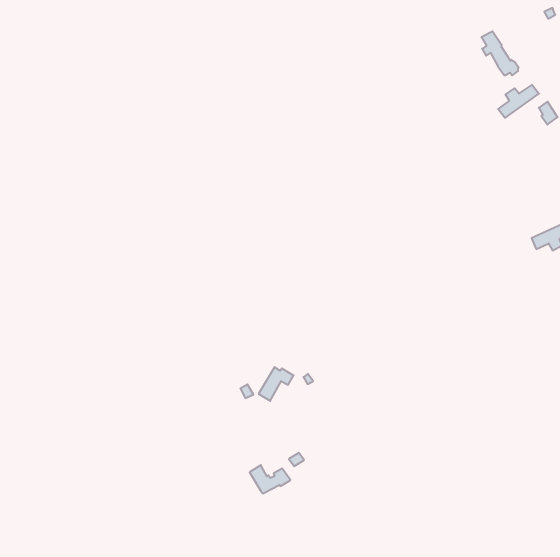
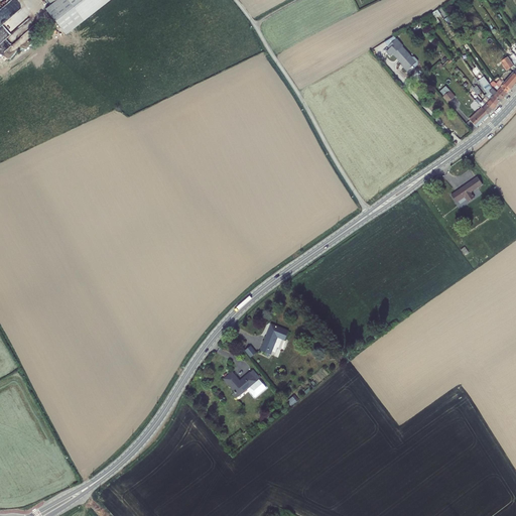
building: [498,85,539,118] -> none
building: [250,465,290,493] -> [220,370,253,392]

